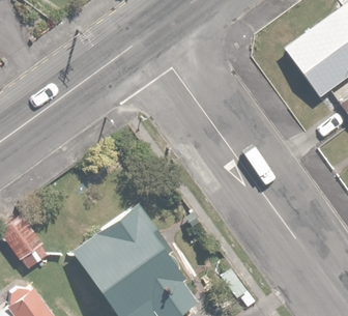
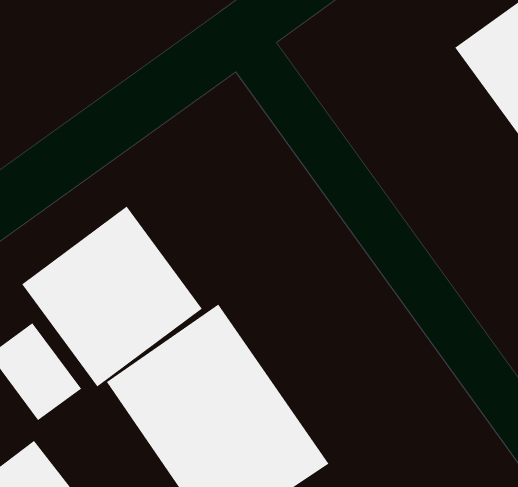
building: none -> [21,205,203,387]

